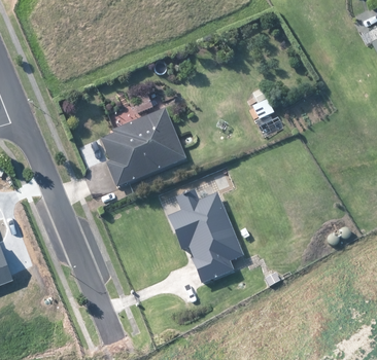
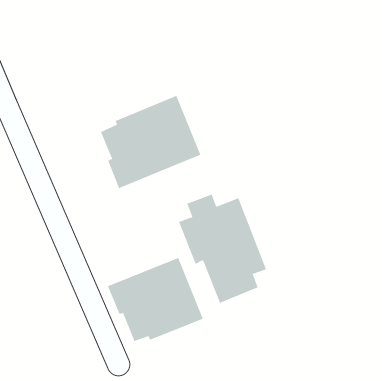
building: none -> [107,257,203,342]

